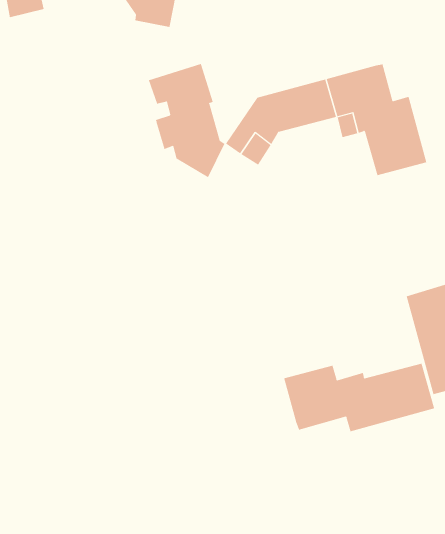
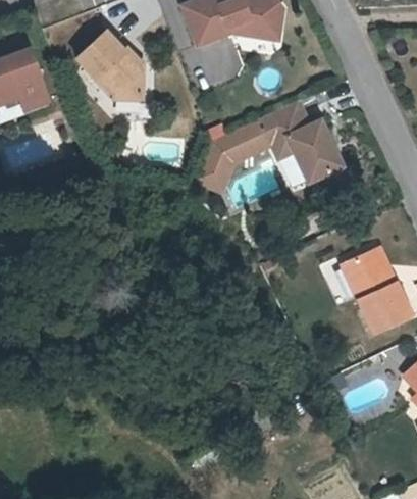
building: [148,63,225,178] -> none
building: [284,363,435,432] -> none

